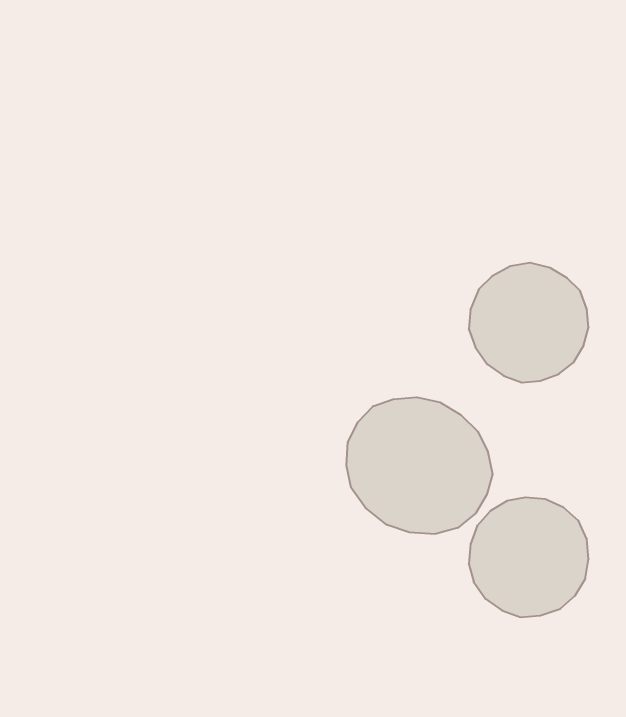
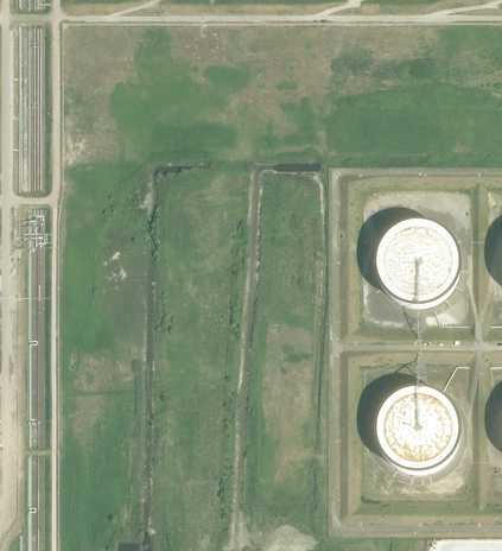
building: [346,397,492,534] -> none

